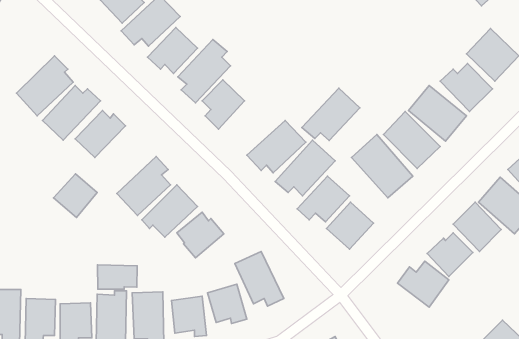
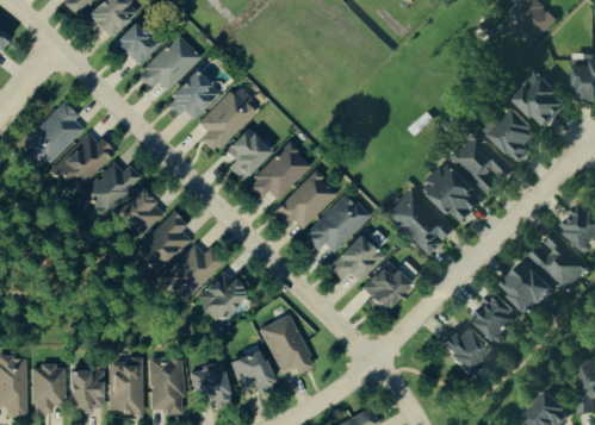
building: [302,88,360,141] -> [247,143,310,200]
building: [53,174,97,218] -> [116,189,163,237]
building: [97,265,137,289] -> none

